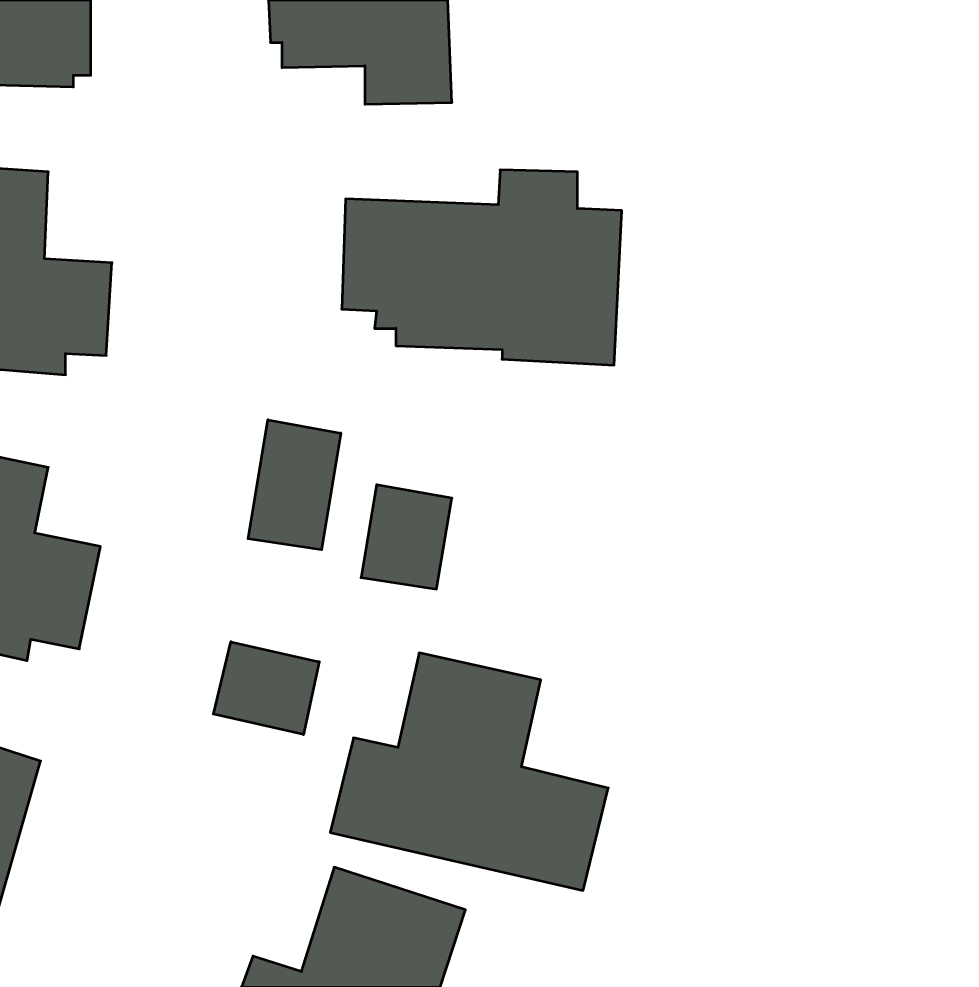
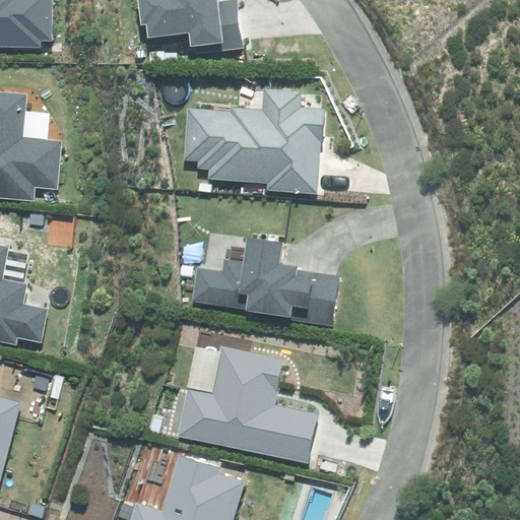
building: [248,420,341,550] -> none
building: none -> [241,236,342,327]
building: [213,642,319,735] -> none

